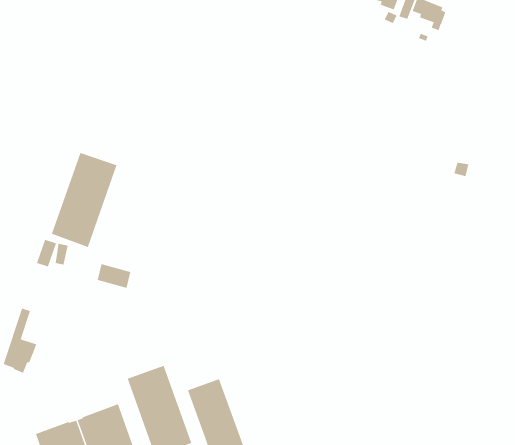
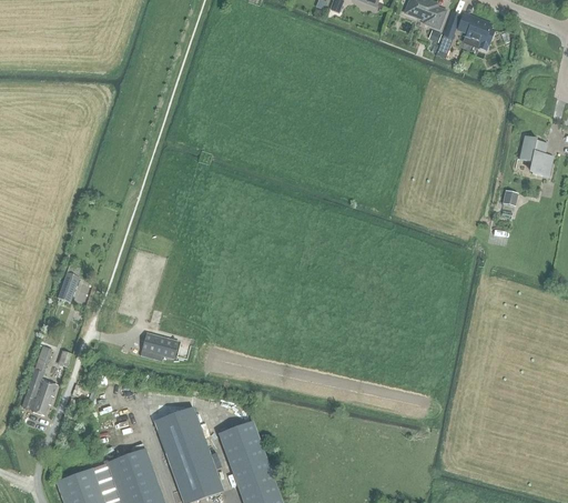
building: none -> [519,135,551,177]
building: [51,152,117,248] -> none
building: [97,263,131,288] -> [141,332,178,359]

